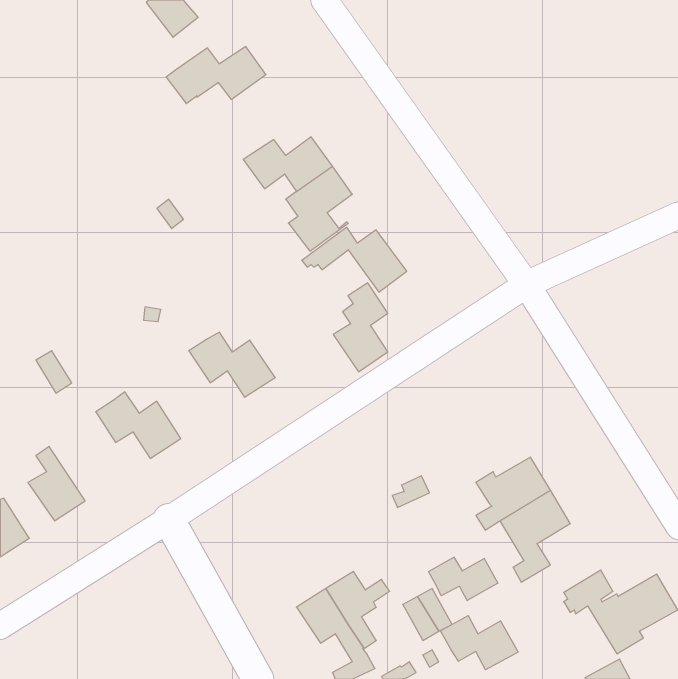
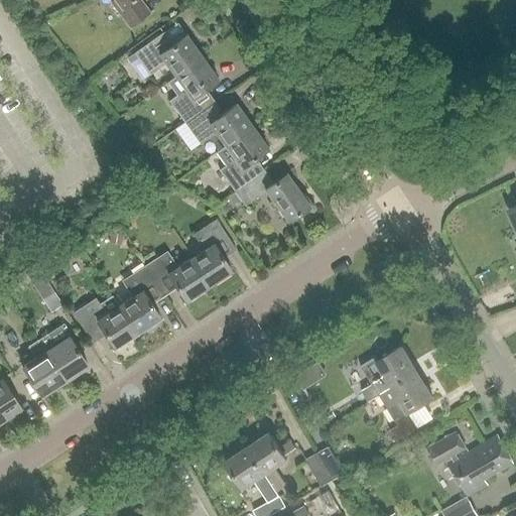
building: none -> [168,56,219,121]
building: [333,283,388,372] -> [190,219,232,286]
building: none -> [120,266,160,333]
building: none -> [38,325,88,380]
building: [428,557,498,601] -> none
building: [440,616,518,670] -> none

